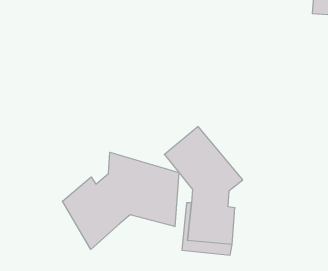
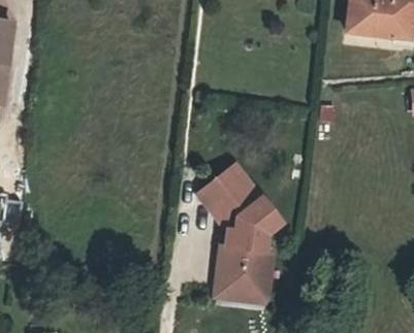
building: [62,152,179,249] -> none

